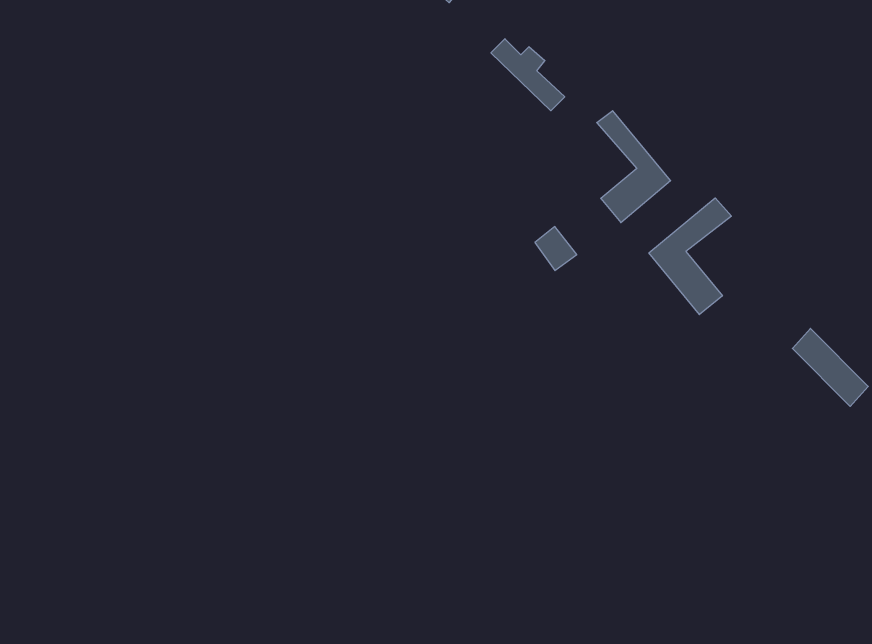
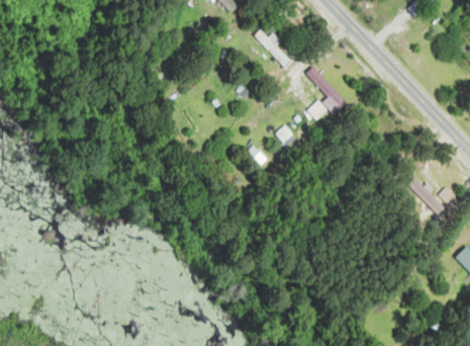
building: [649,198,731,315] -> none

